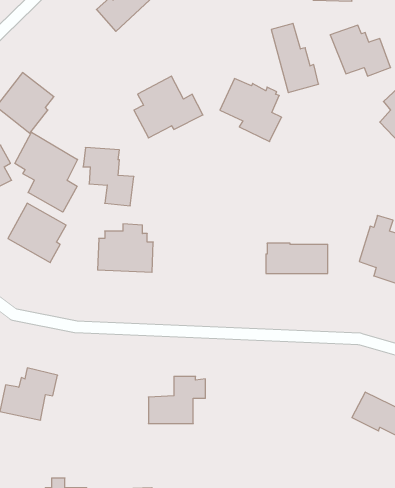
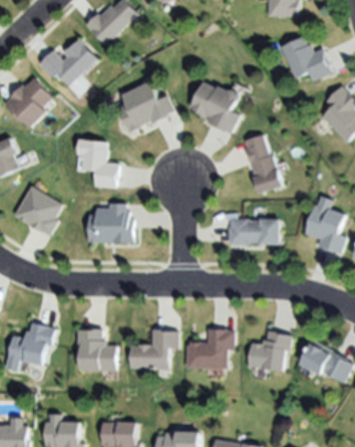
building: [271,23,319,93] -> [244,136,283,193]
building: none -> [36,38,95,86]
building: [15,132,78,212] -> none
building: none -> [75,329,115,371]
building: none -> [187,329,234,368]
building: none -> [249,330,292,372]

